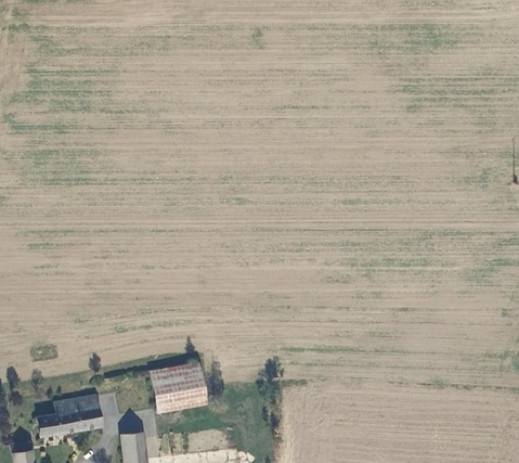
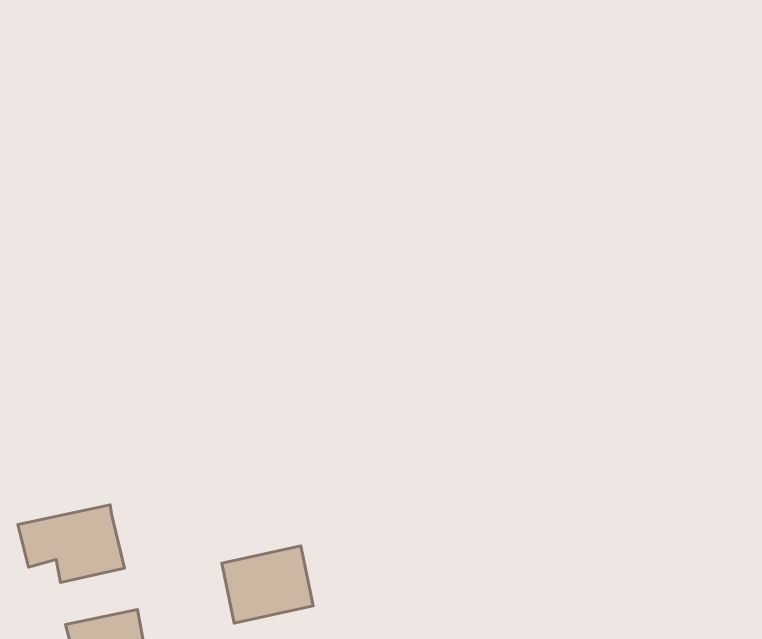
building: none -> [18,505,124,583]

